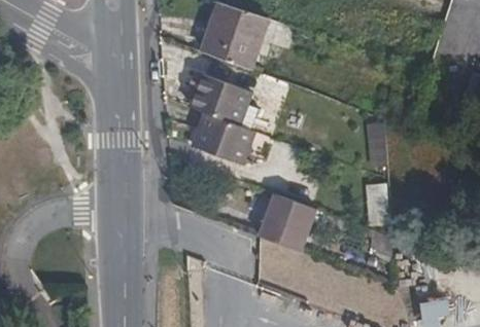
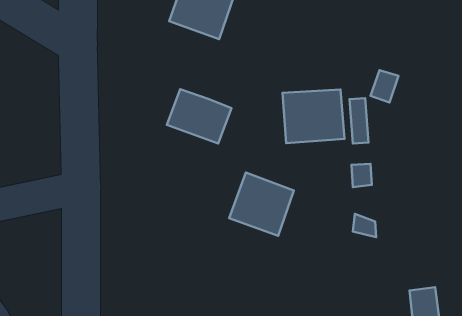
building: [191,74,251,124] -> none
building: none -> [282,89,345,143]

